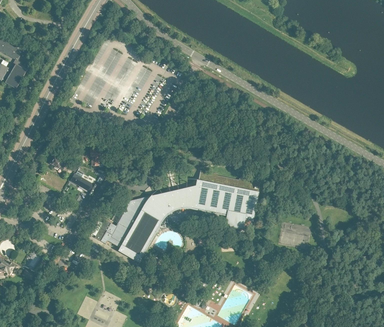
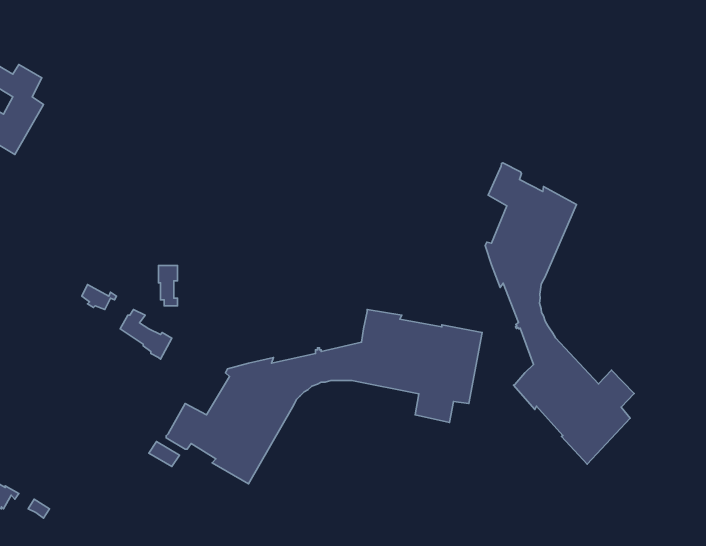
building: none -> [485,163,634,464]

